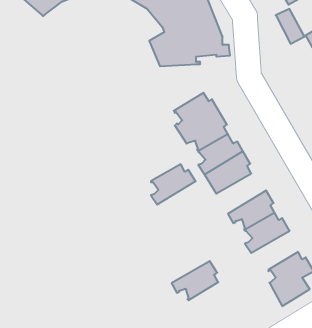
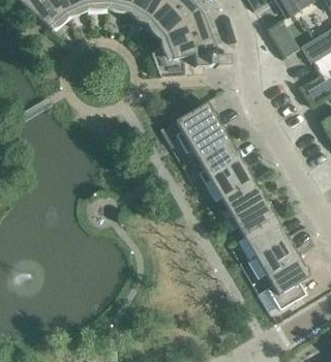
building: [151,164,196,205] -> [220,183,264,222]
building: [172,261,218,300] -> [249,239,295,277]

